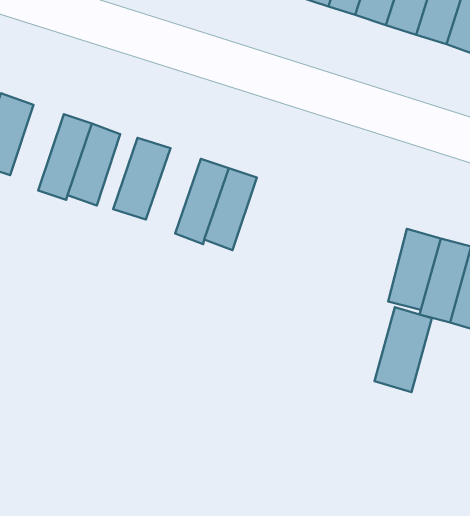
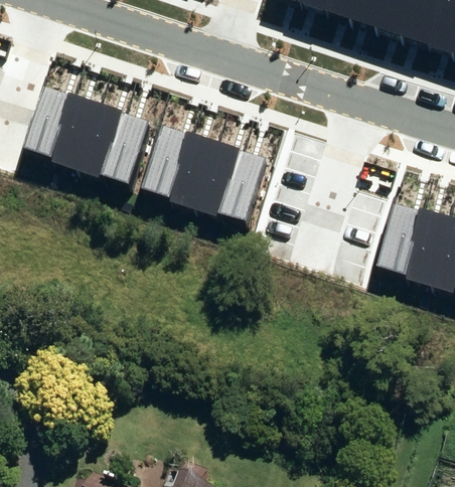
building: none -> [51,97,100,170]
building: none -> [169,134,217,207]
building: [374,307,432,392] -> none

